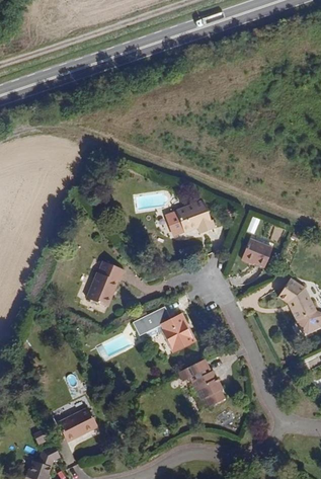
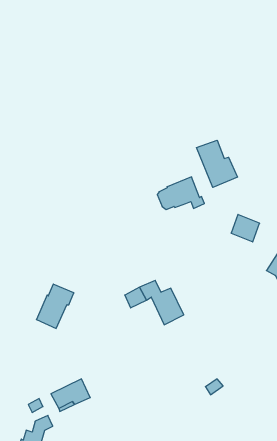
building: none -> [197,140,238,187]
building: [87,261,126,307] -> [36,284,74,328]
building: [180,358,226,407] -> none

